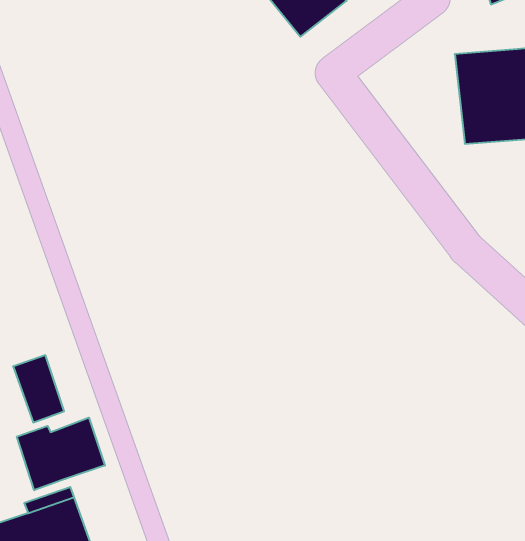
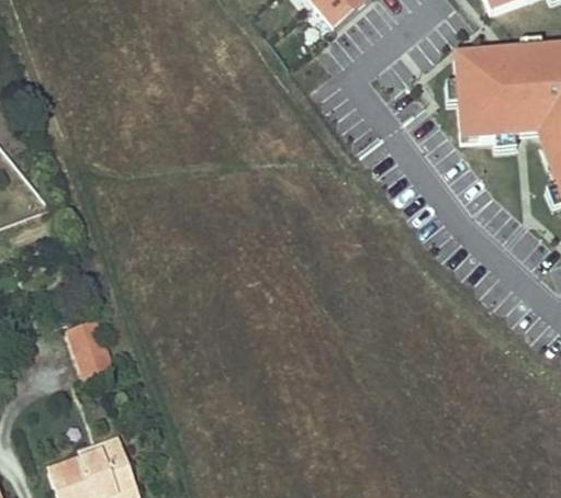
building: [17,418,105,490] -> none

